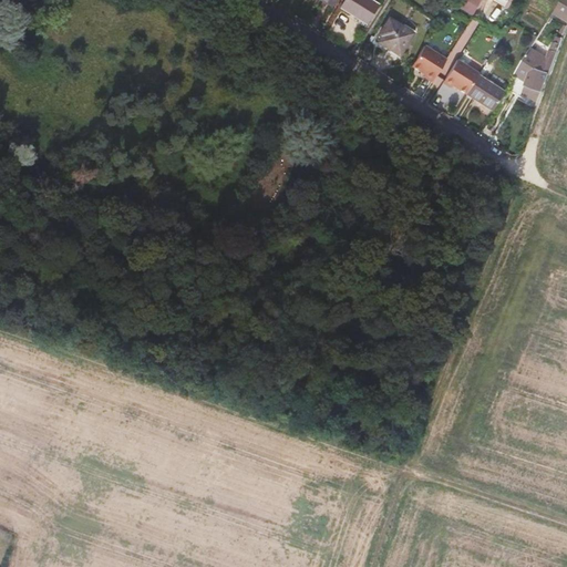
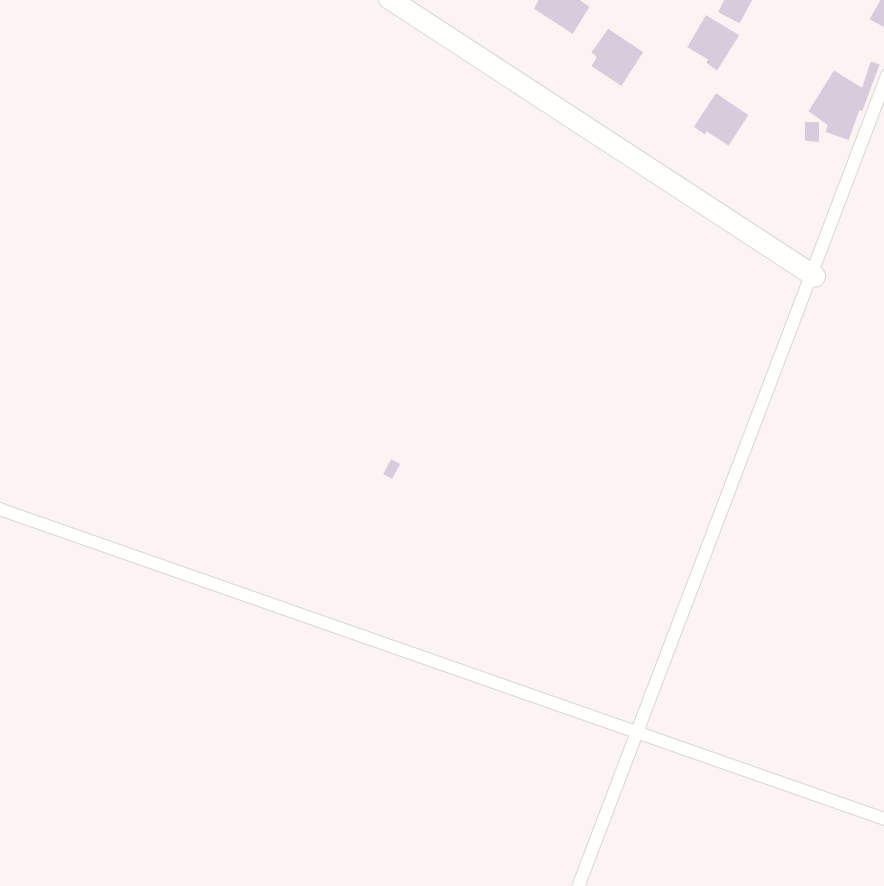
building: [413,44,447,81] -> [686,14,740,72]
building: [467,74,505,109] -> none

